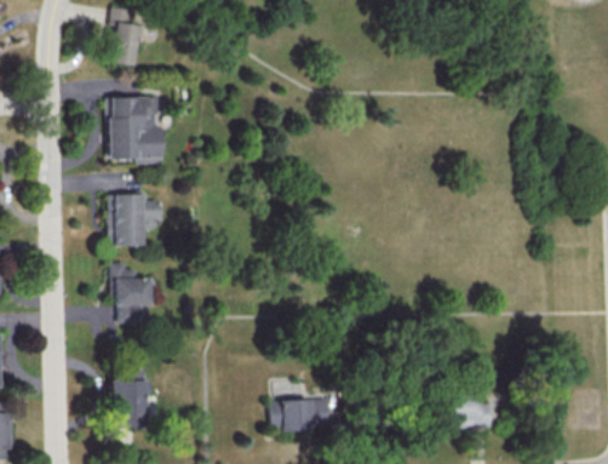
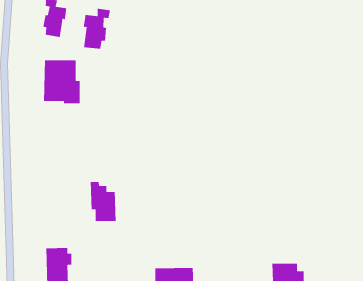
building: none -> [83,8,111,50]
building: [109,194,162,246] -> none
building: [113,263,151,322] -> [90,181,116,222]

